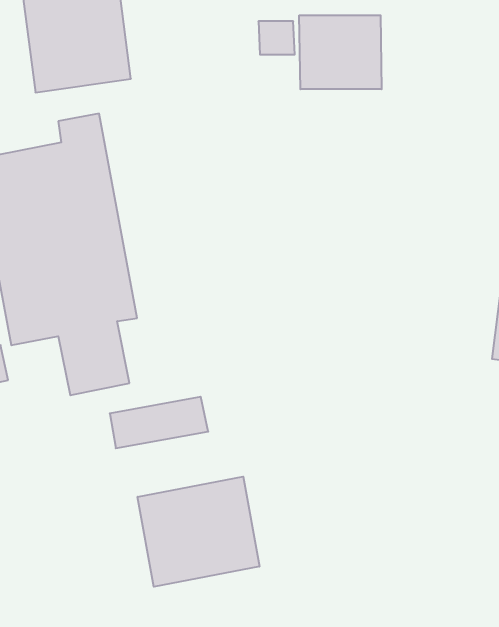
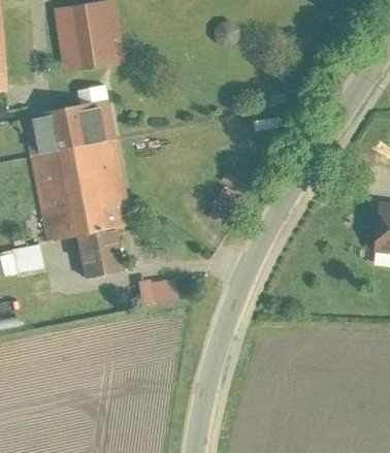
building: [299,15,382,89] -> none
building: [138,477,259,587] -> none

